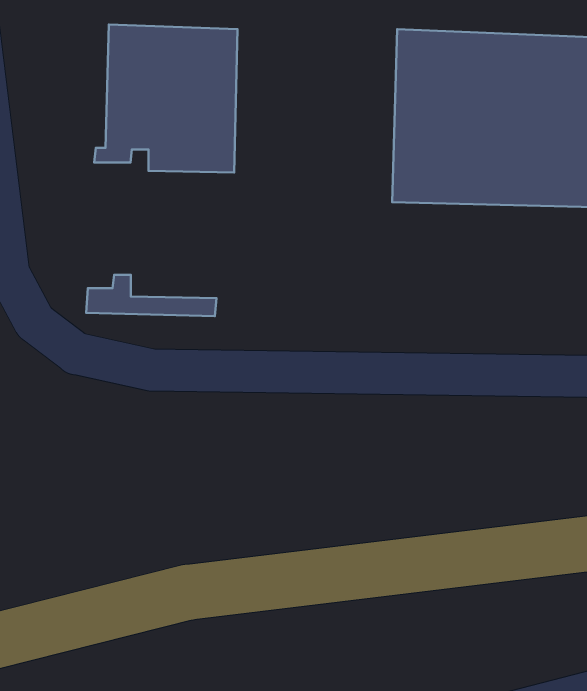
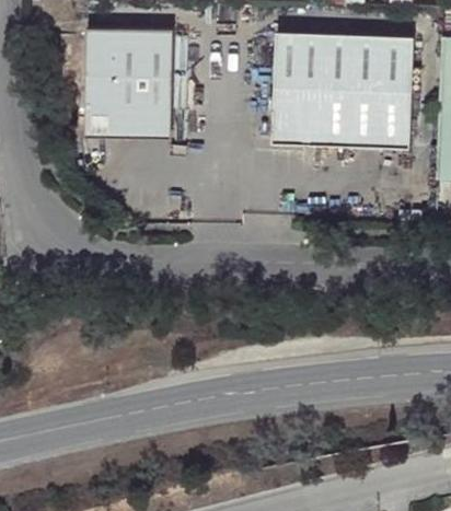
building: [86,275,216,316] -> [88,111,174,138]

